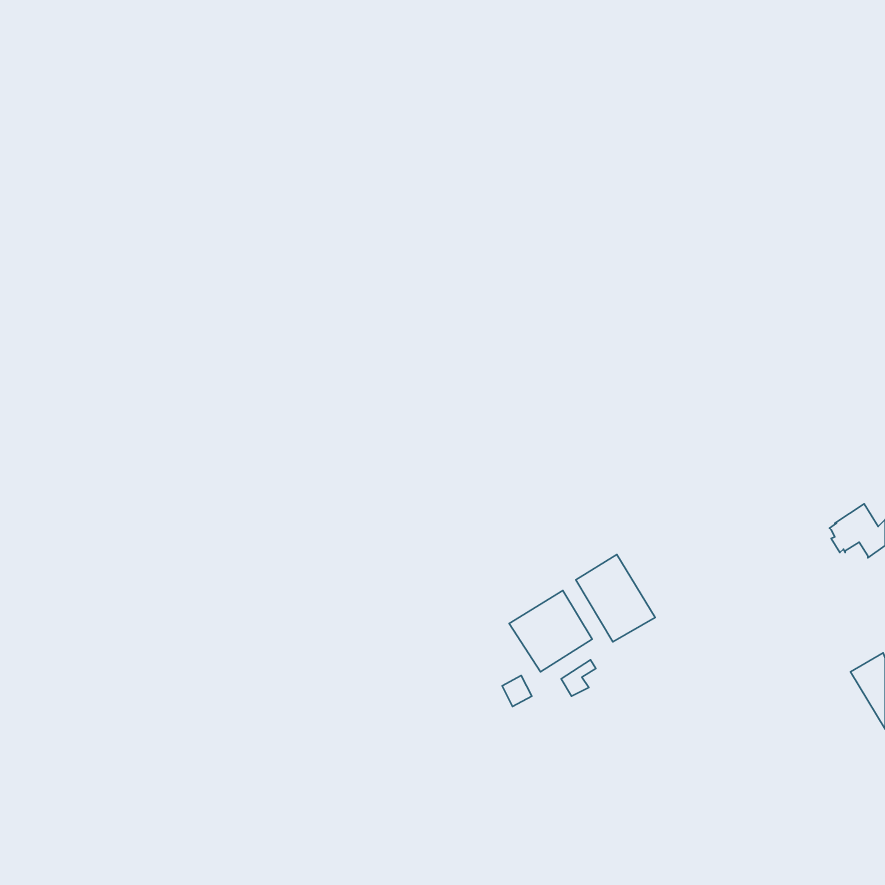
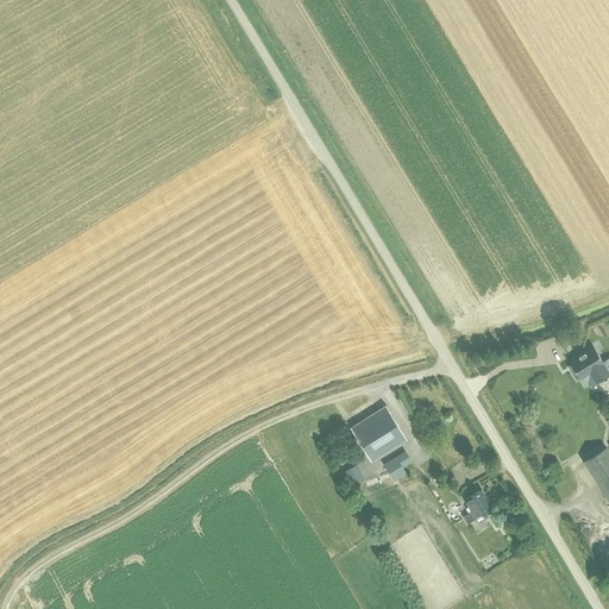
building: [576,555,655,642] -> none
building: none -> [463,489,492,523]

